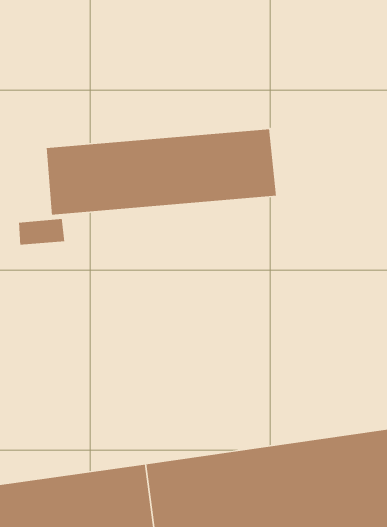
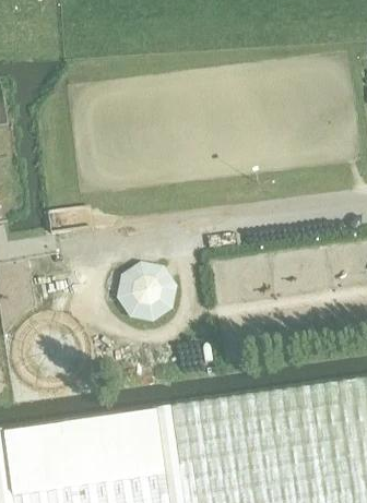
building: [46,128,277,215] -> none
building: none -> [118,262,177,322]

